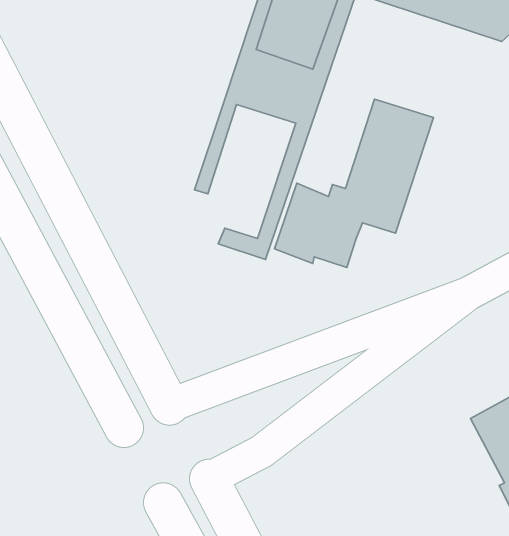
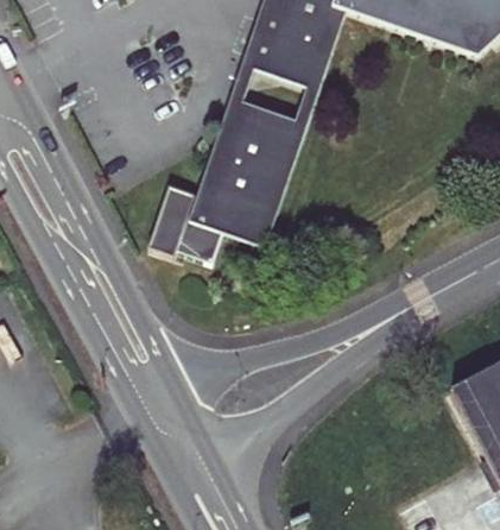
building: [275,99,434,267] -> [148,107,292,259]

